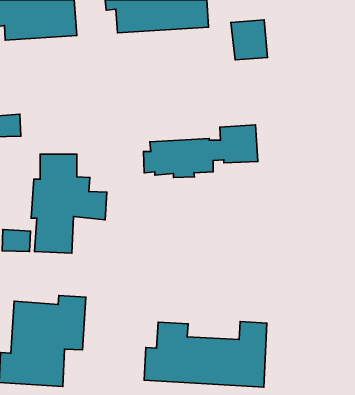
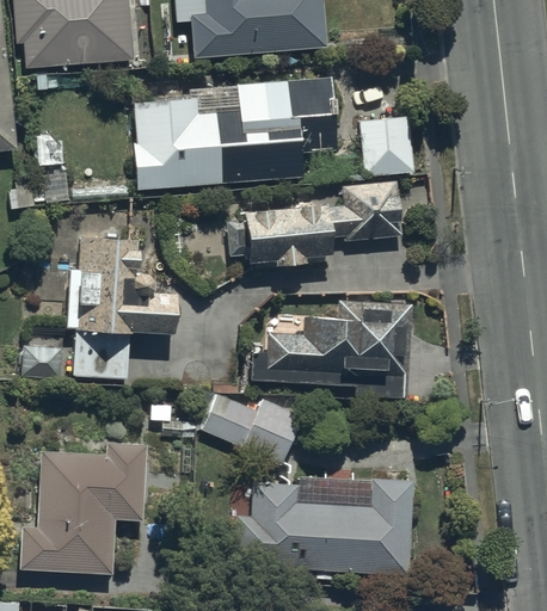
building: [231,20,268,60] -> [358,117,412,175]
building: none -> [134,76,342,190]
building: none -> [250,298,412,401]
building: none -> [201,391,303,465]

